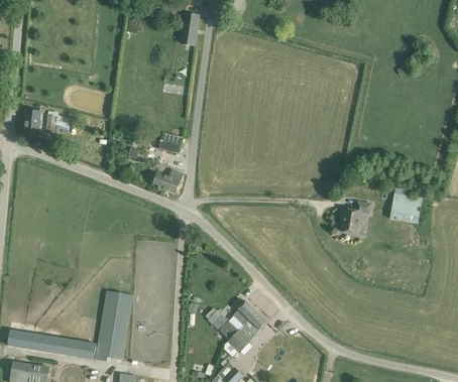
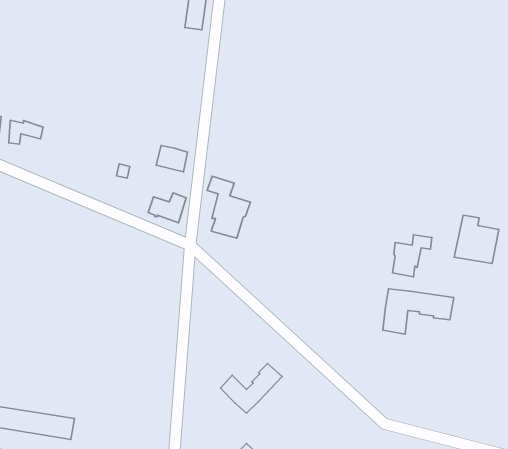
building: none -> [207,176,250,238]
building: none -> [383,289,454,334]
building: [95,290,132,361] -> none
building: [227,310,267,353] -> none

